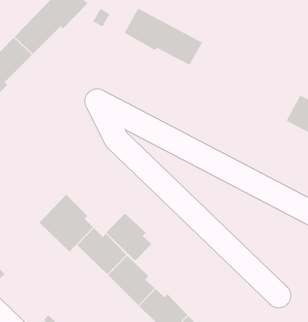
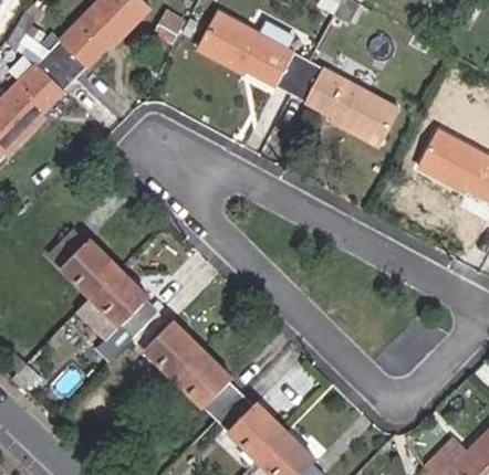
building: none -> [288,61,398,146]
building: none -> [51,231,119,295]
building: [105,213,152,261] -> none

